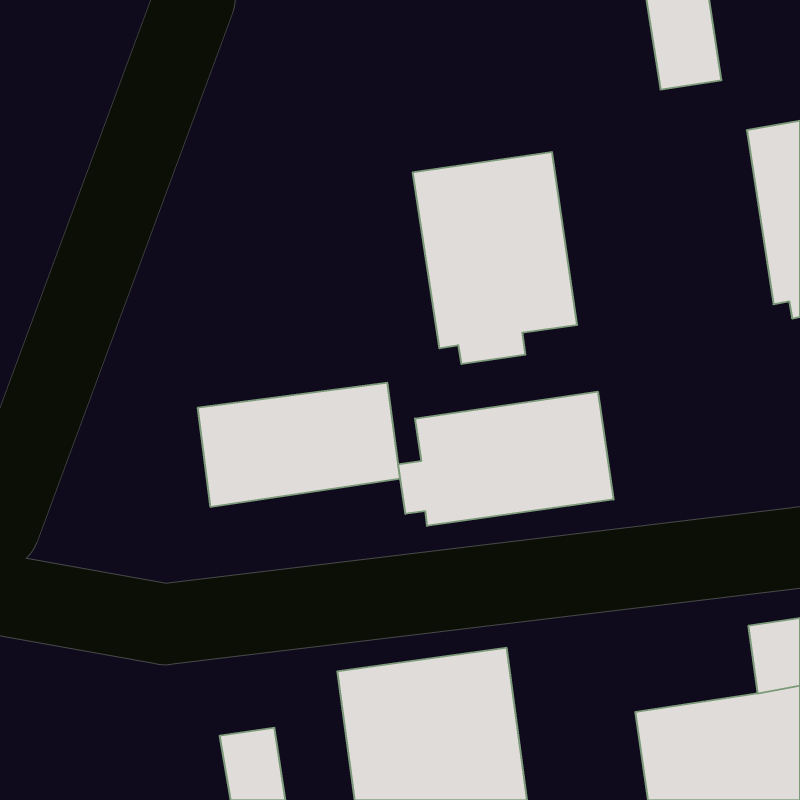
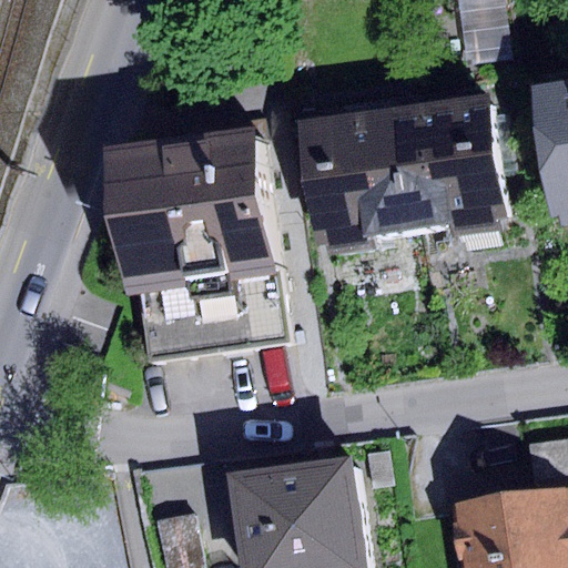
building: none -> [390,94,503,236]
building: none -> [121,131,274,288]
building: [398,392,614,526] -> none

